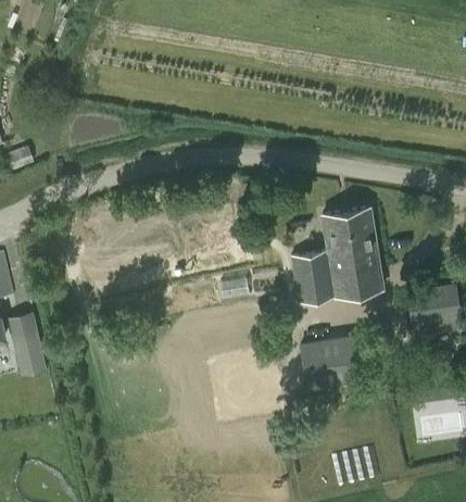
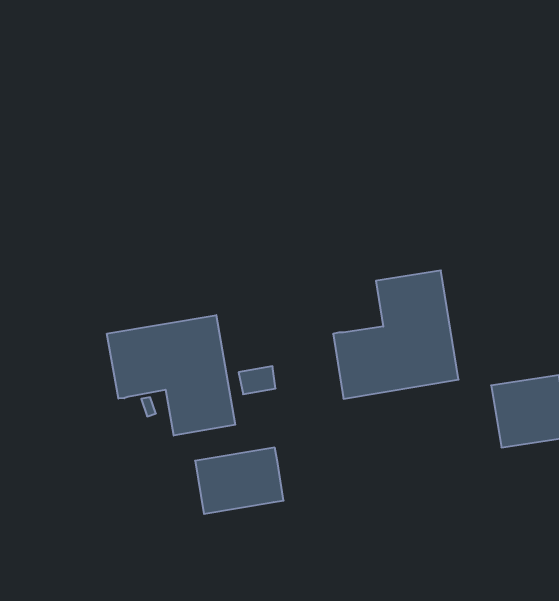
building: none -> [107,315,235,436]
building: [301,340,366,389] -> [195,448,284,514]

